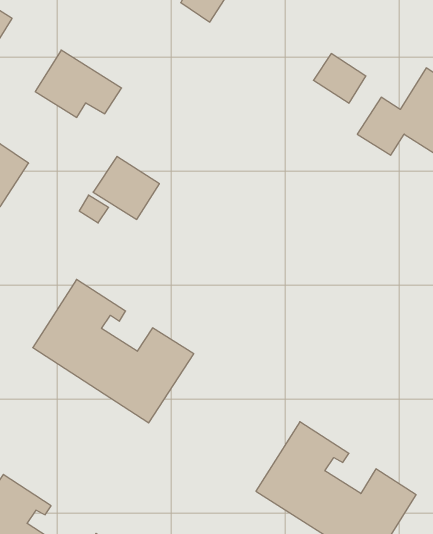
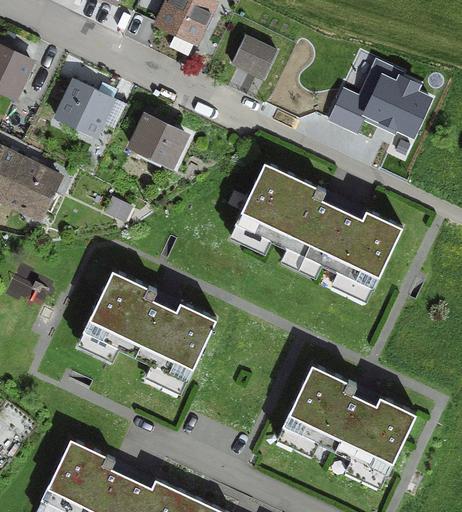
building: [313,54,366,103] -> [233,37,276,76]
building: [93,156,159,219] -> [131,116,185,166]
building: none -> [235,162,402,289]

